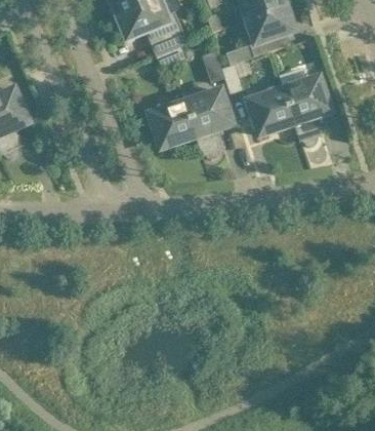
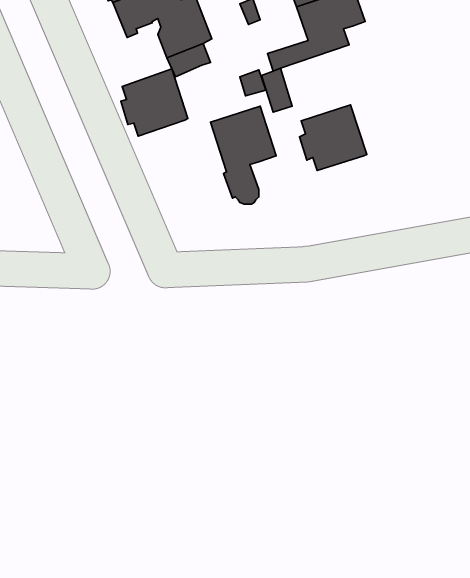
building: [284,74,330,143] -> none
building: [150,97,197,145] -> [121,69,188,136]

